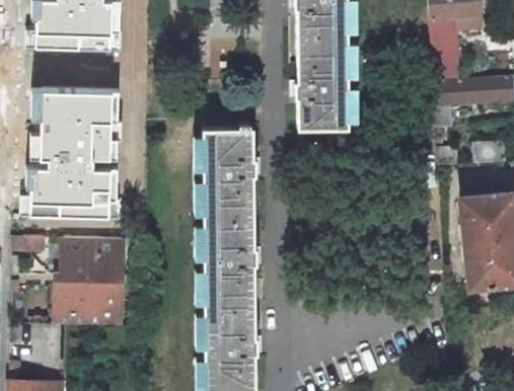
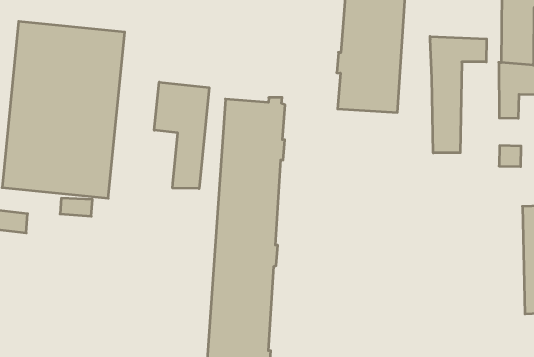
building: none -> [430,36,487,153]
building: none -> [154,82,209,189]
building: [56,237,124,326] -> none

